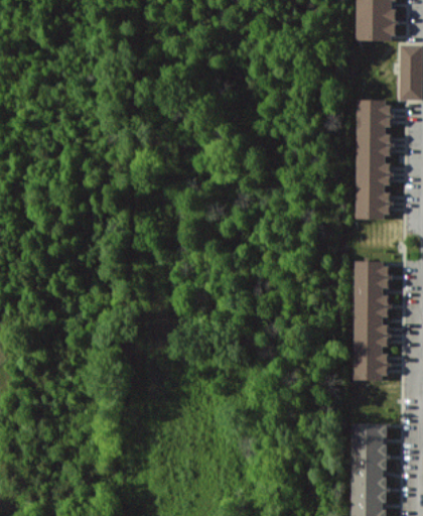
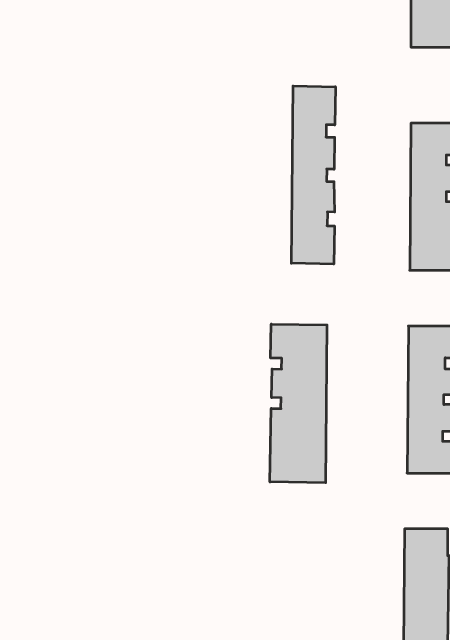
building: none -> [291,86,335,264]
building: none -> [270,324,327,483]

